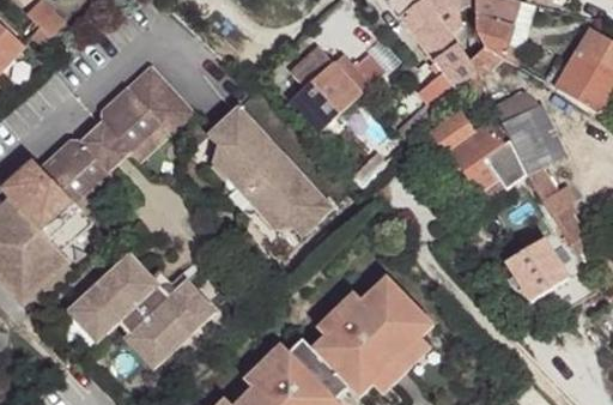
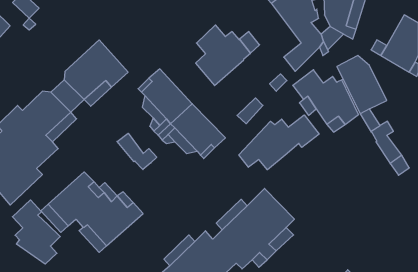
building: none -> [239,115,319,170]
building: none -> [117,133,157,170]
building: [504,235,569,300] -> none
building: none -> [12,200,60,264]

